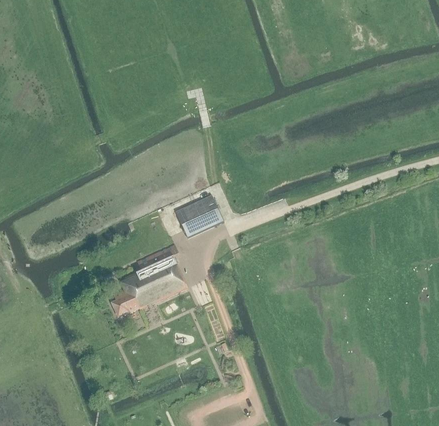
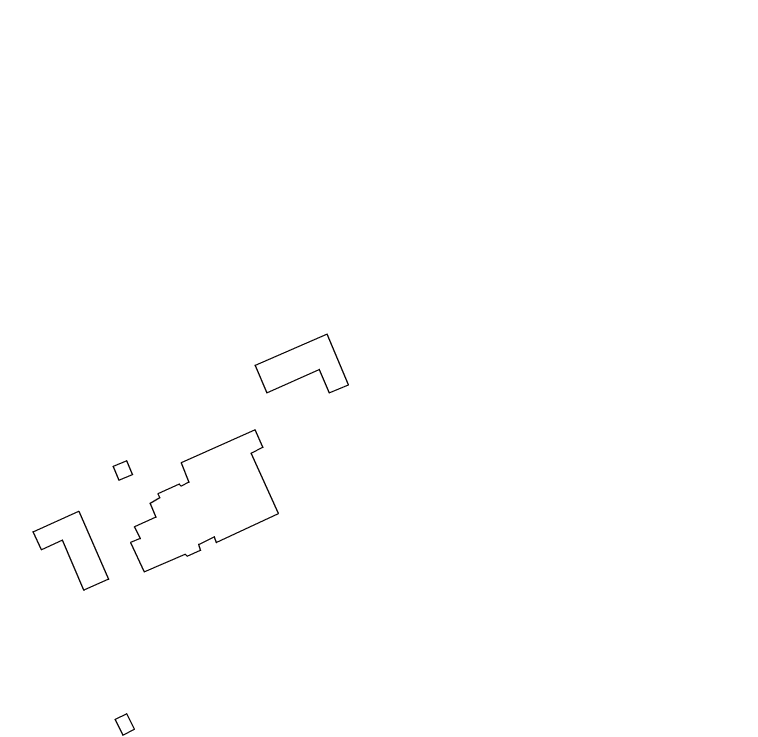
building: none -> [33,511,109,590]

